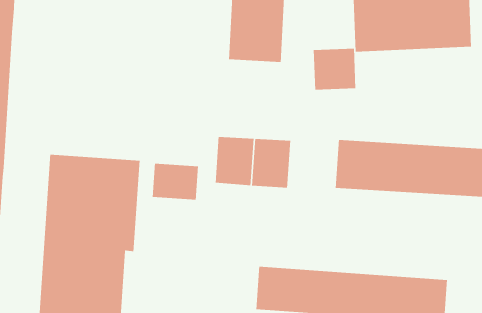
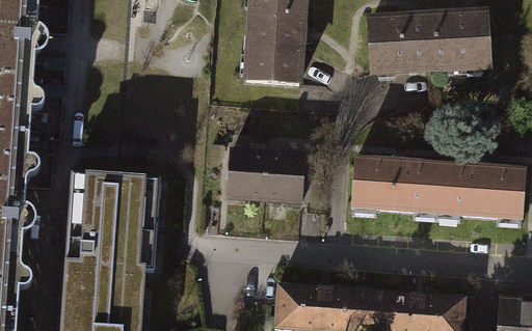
building: [313,48,356,91] -> none
building: [152,163,199,201] -> none

